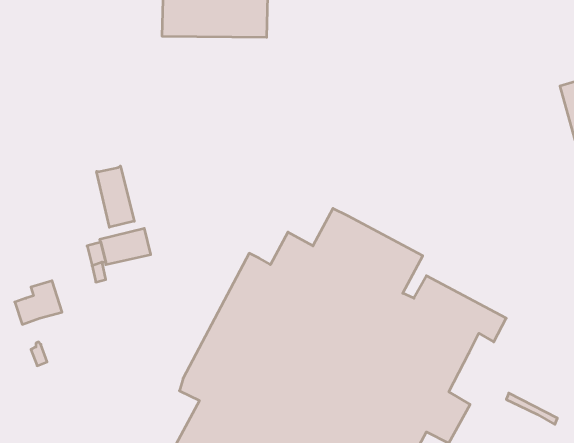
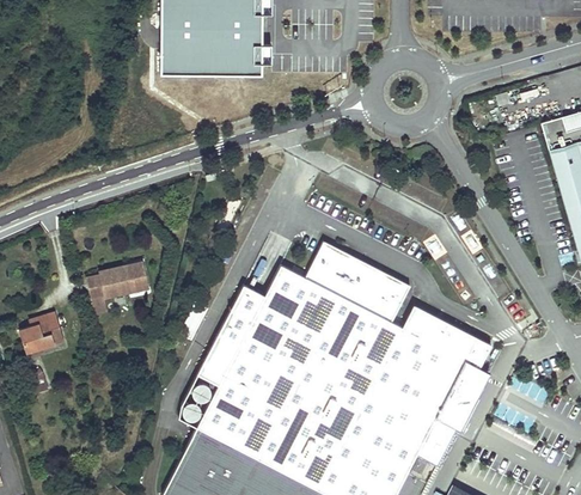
building: [97,166,134,227] -> none
building: none -> [435,361,489,430]

